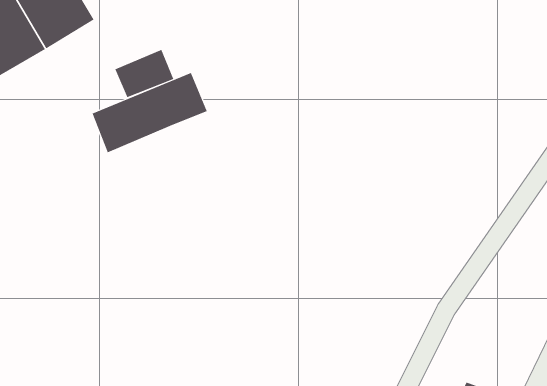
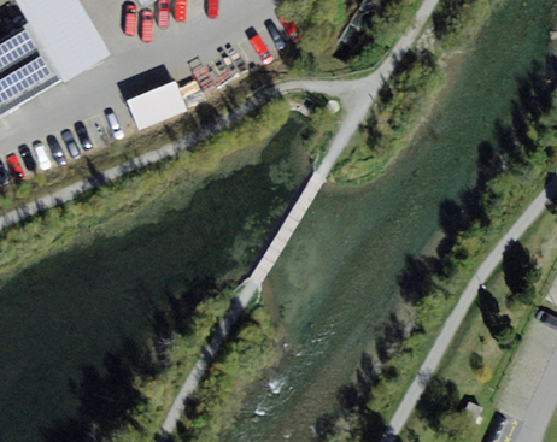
building: [92,72,207,153] -> none

